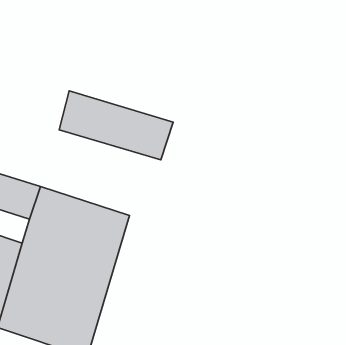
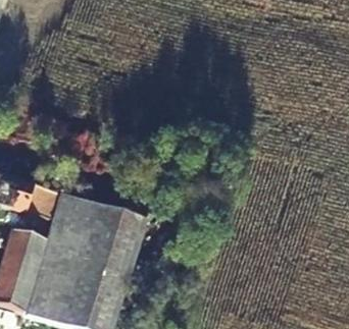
building: [59,91,173,160] -> none

